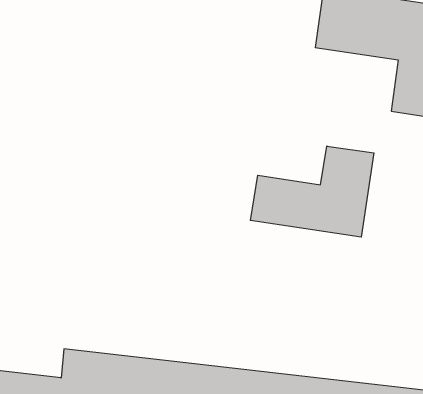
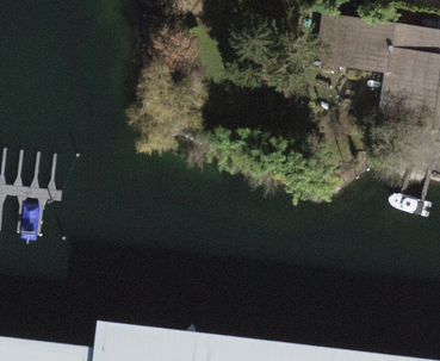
building: [250,146,374,237] -> none

